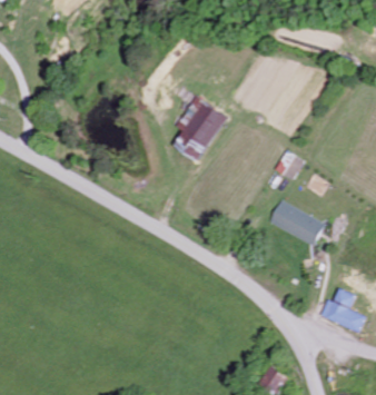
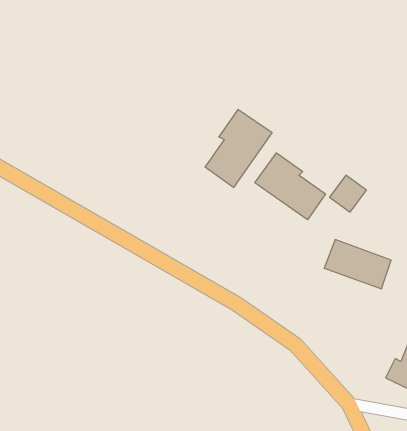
building: none -> [255,153,325,220]

